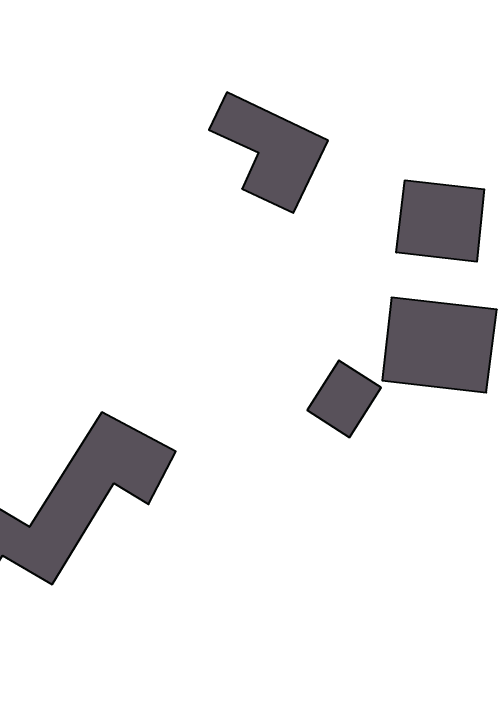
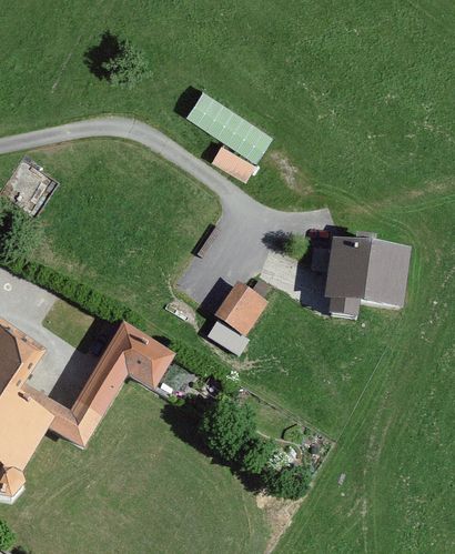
building: [396,180,484,262] -> none
building: [307,360,381,437] -> [215,280,270,336]

